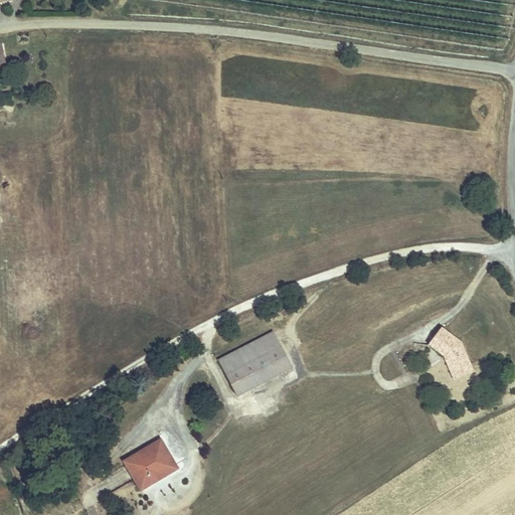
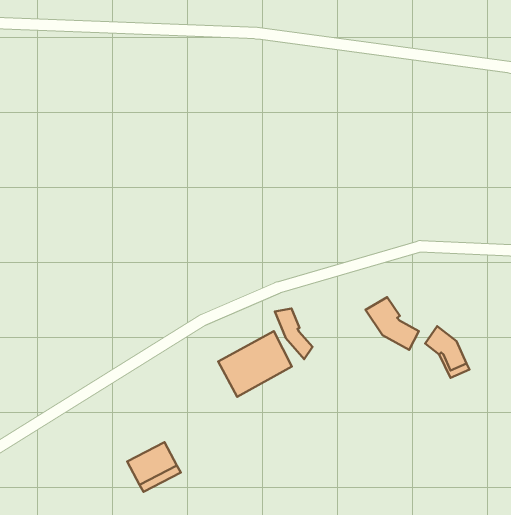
building: none -> [366,297,419,350]
building: none -> [275,308,312,359]

